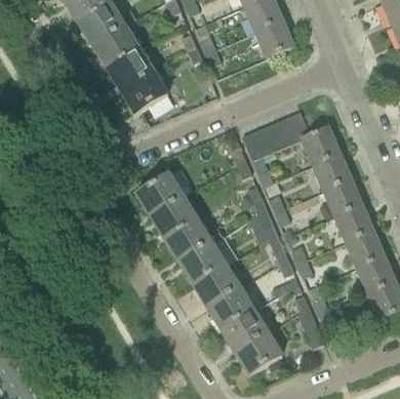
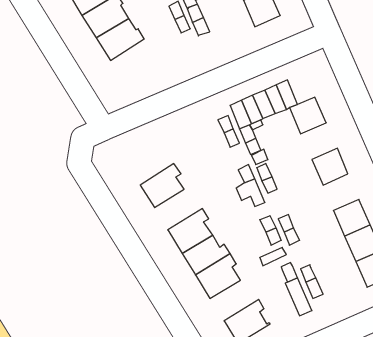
building: [122,70,167,115] -> none
building: [313,154,350,191] -> none
building: [135,174,186,216] -> none
building: [335,205,371,242] -> none
building: [166,215,222,262] -> none
building: [222,312,271,353] -> none

